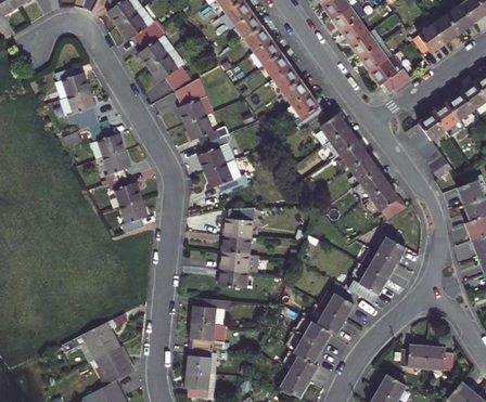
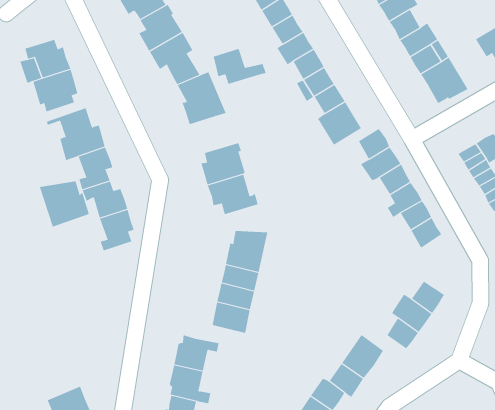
building: [188,118,232,148] -> [213,48,266,85]
building: none -> [39,181,89,227]
building: [79,321,118,360] -> none

